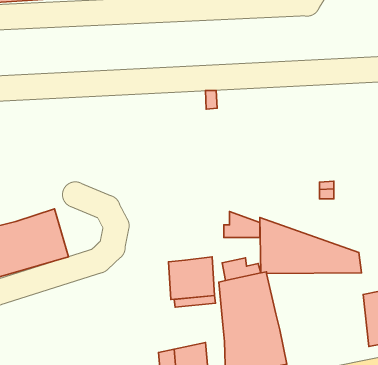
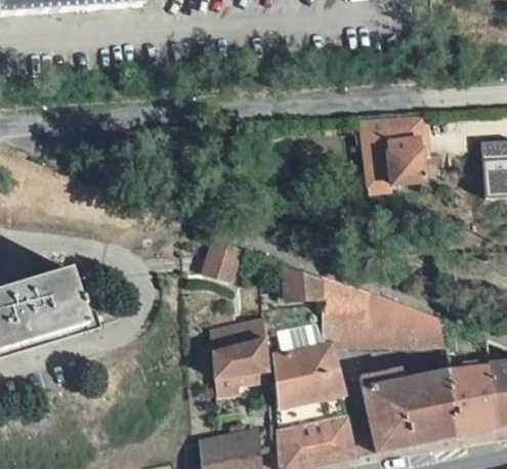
building: none -> [321,113,427,195]
building: none -> [203,233,236,275]
building: none -> [360,370,456,453]

